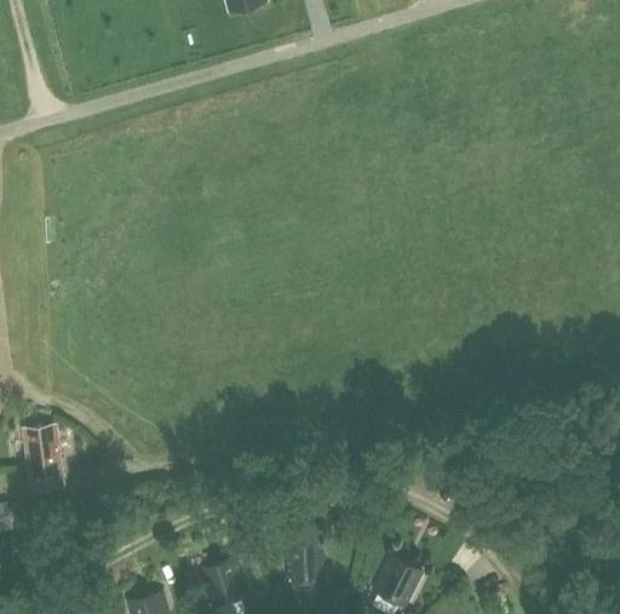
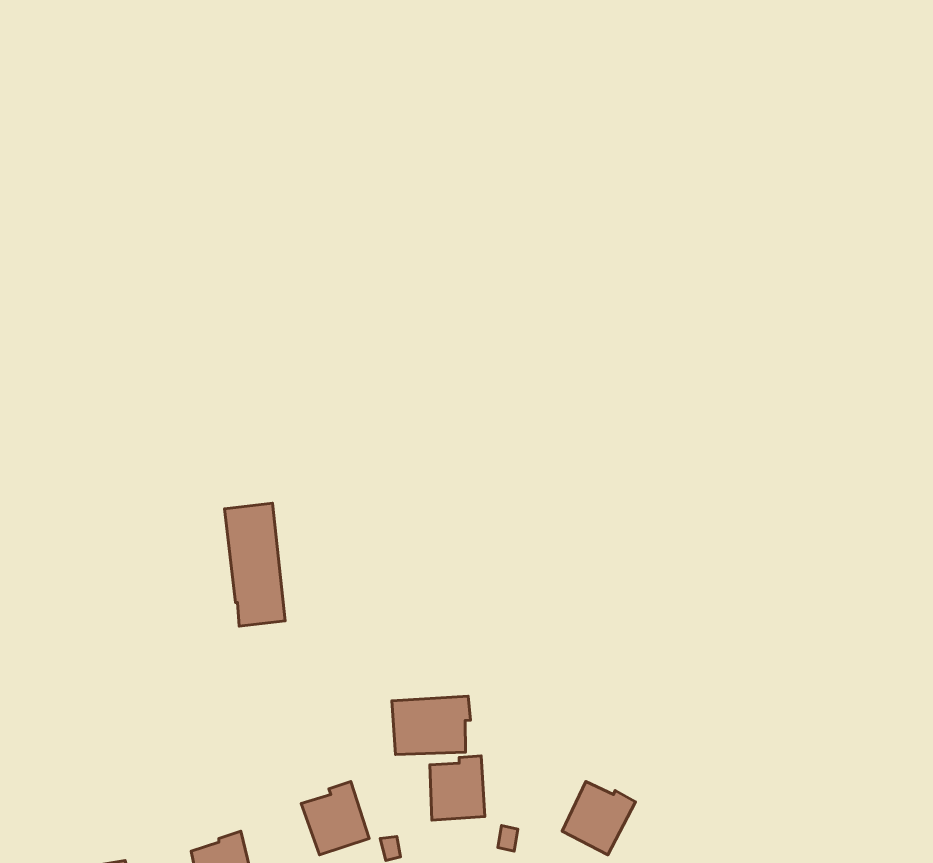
building: [24,425,64,506] -> [225,503,285,626]
building: none -> [392,696,470,755]

